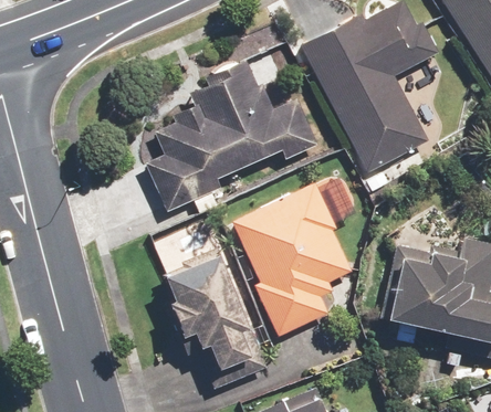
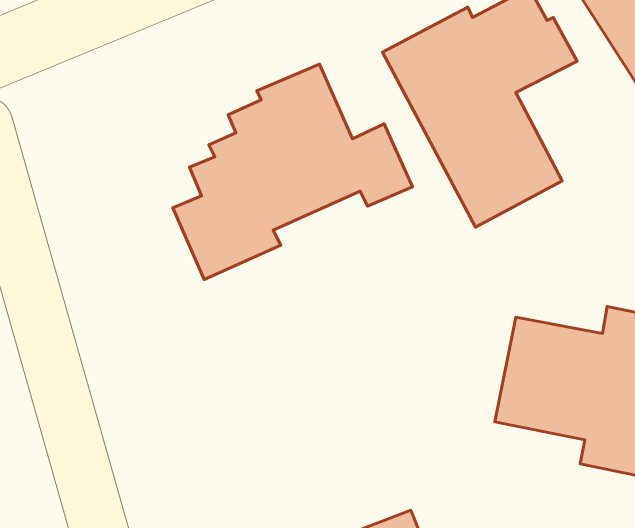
building: [227,181,356,337] -> none
building: [161,247,270,390] -> none

